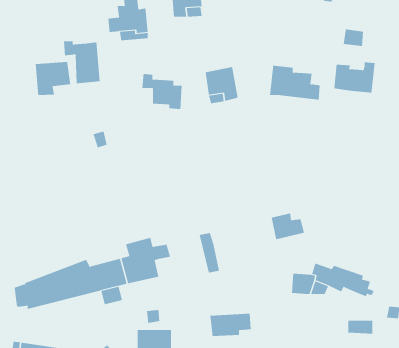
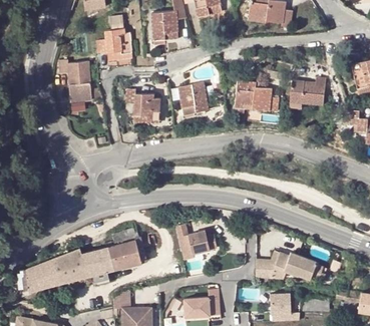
building: [35,61,71,96] -> none
building: [271,213,305,240] -> [188,232,217,255]
building: none -> [269,292,298,320]

